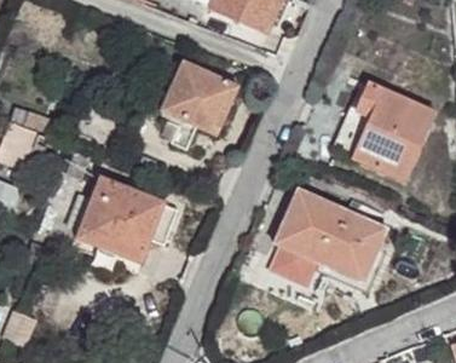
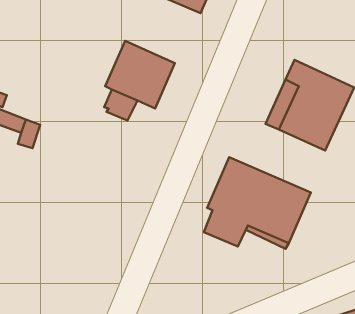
building: [76,175,178,270] -> none

